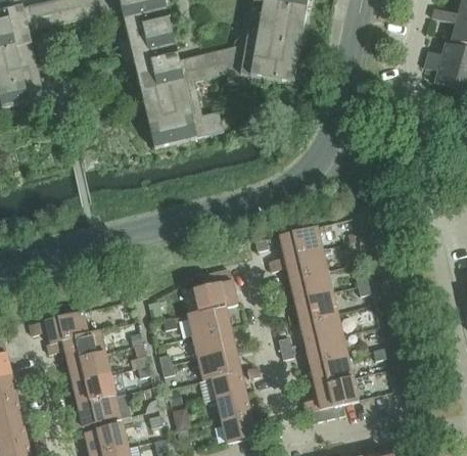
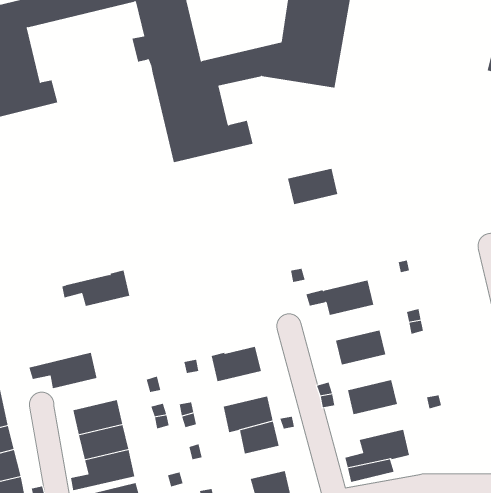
building: [279,227,323,259] -> [287,168,338,205]
building: [194,270,238,313] -> none
building: [289,271,333,302] -> none
building: [299,314,343,345] -> none
building: [192,328,236,359] -> none
building: [47,330,106,362] -> [61,270,130,307]
building: [310,357,354,387] -> none
building: [216,393,251,421] -> none

